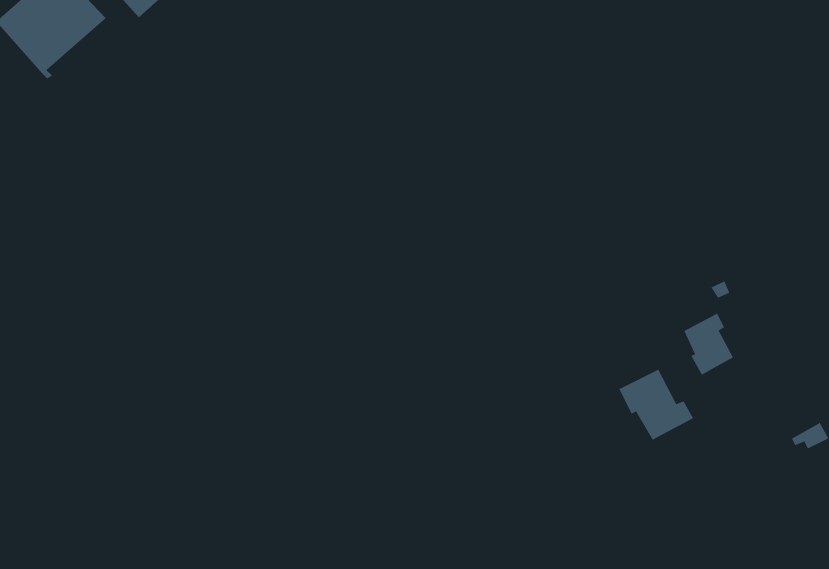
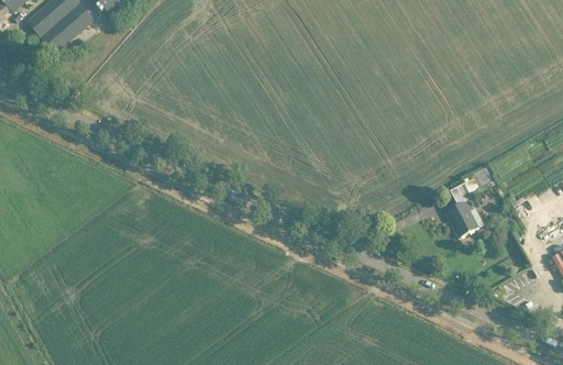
building: [618,369,694,440] -> none

